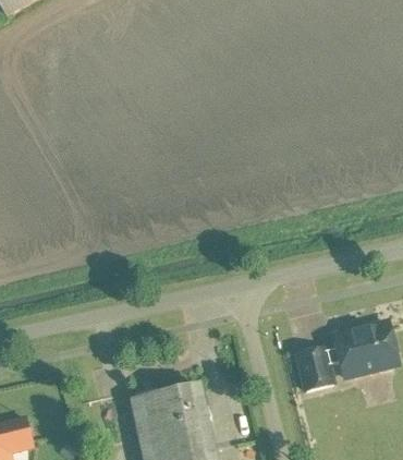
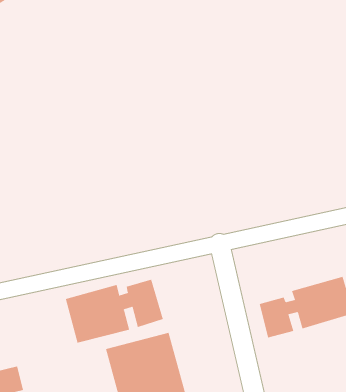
building: none -> [65,279,164,344]

